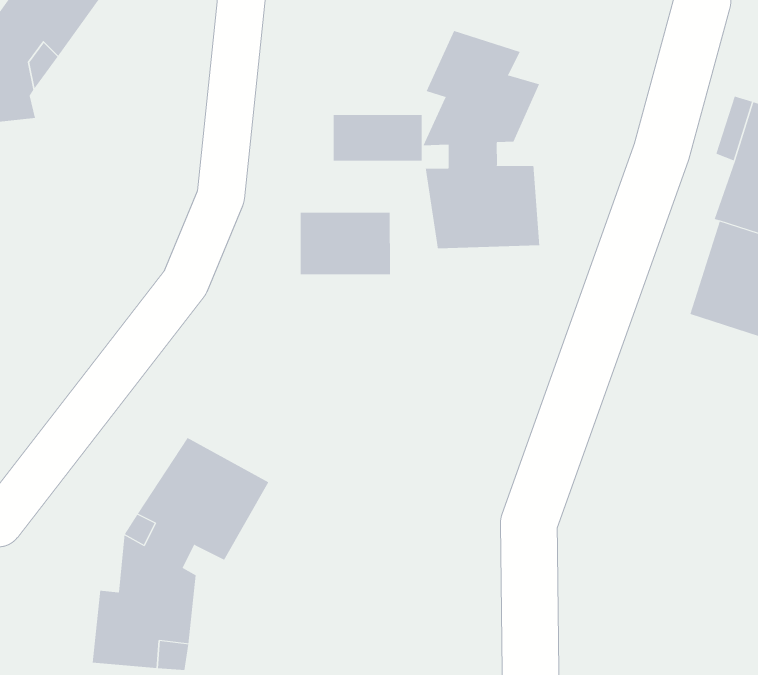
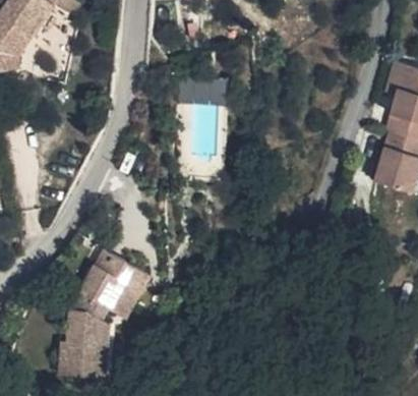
building: [422,30,540,249] -> none
building: [300,212,391,275] -> none

